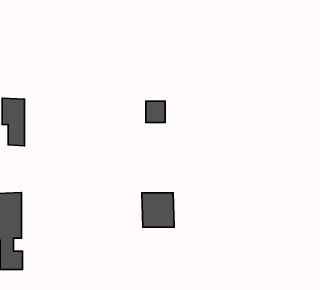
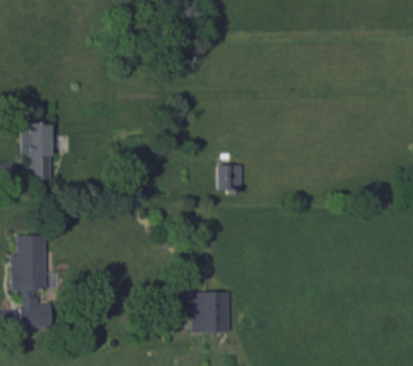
building: [146,101,165,123] -> [218,165,241,190]
building: [142,193,174,227] -> [191,291,230,332]

